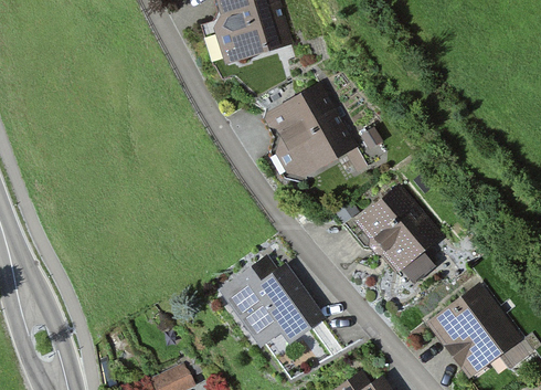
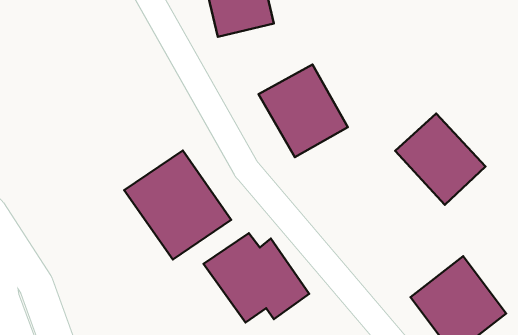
building: none -> [124,151,231,260]
building: [360,182,450,274] -> [395,113,486,205]

